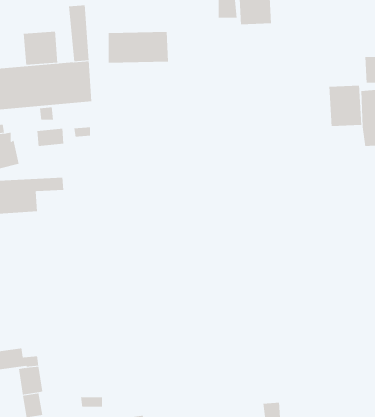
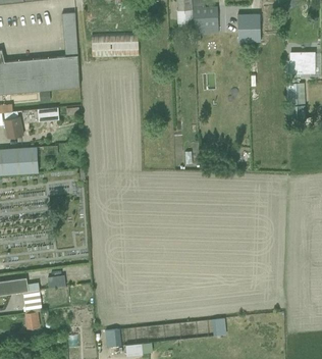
building: none -> [237,14,260,43]
building: [23,31,58,65] -> none
building: [329,85,362,127] -> none

